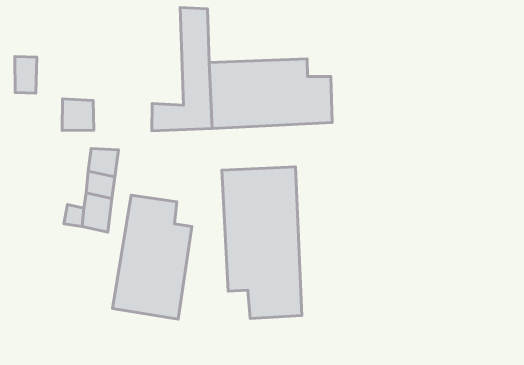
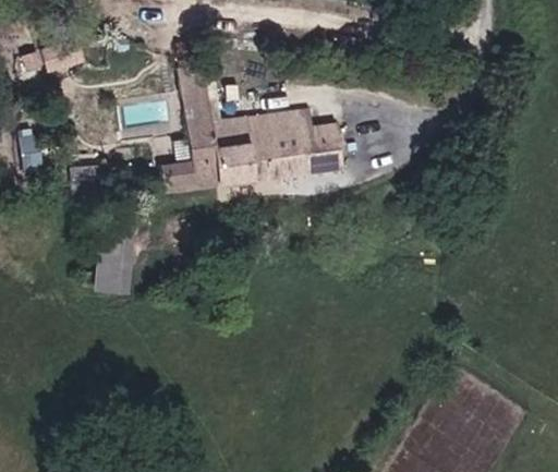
building: [222,167,302,319] -> none
building: [112,195,192,319] -> none

